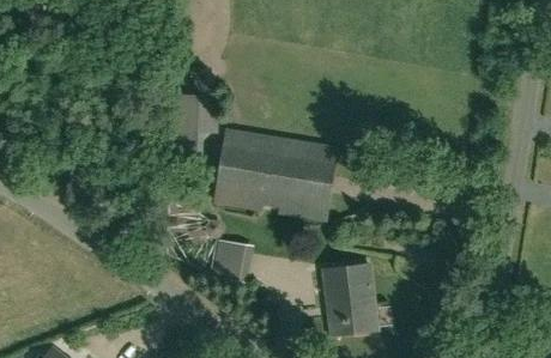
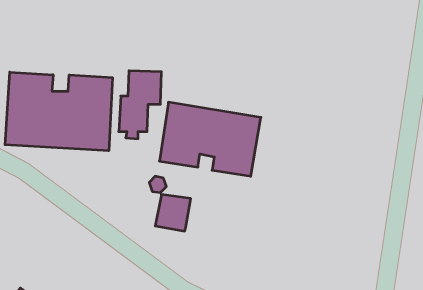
building: none -> [5,72,112,151]
building: [321,266,375,335] -> none

